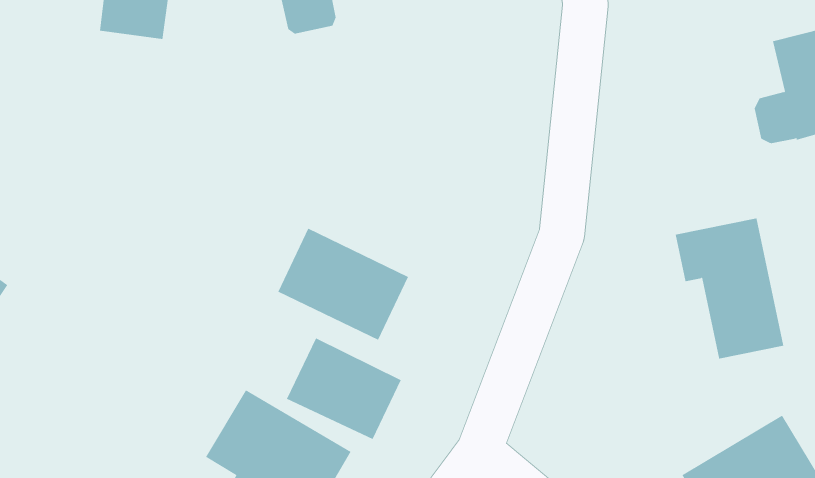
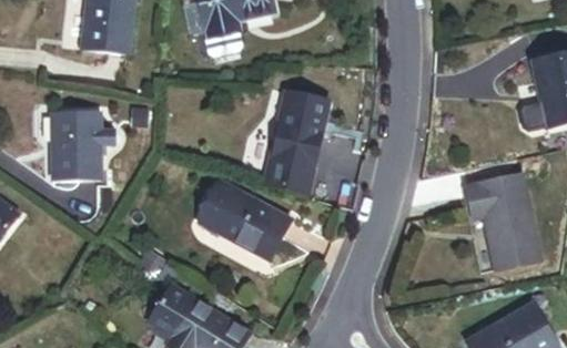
building: none -> [270,82,335,185]
building: none -> [51,113,100,176]
building: [286,338,402,440] -> none

